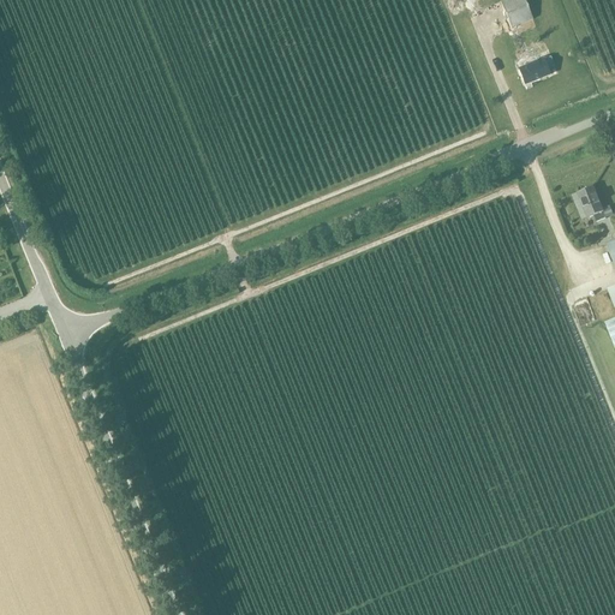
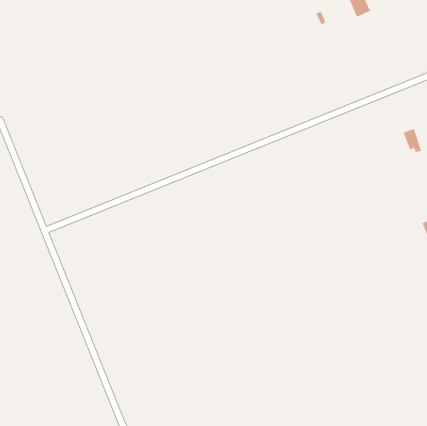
building: [520,54,555,82] -> none

